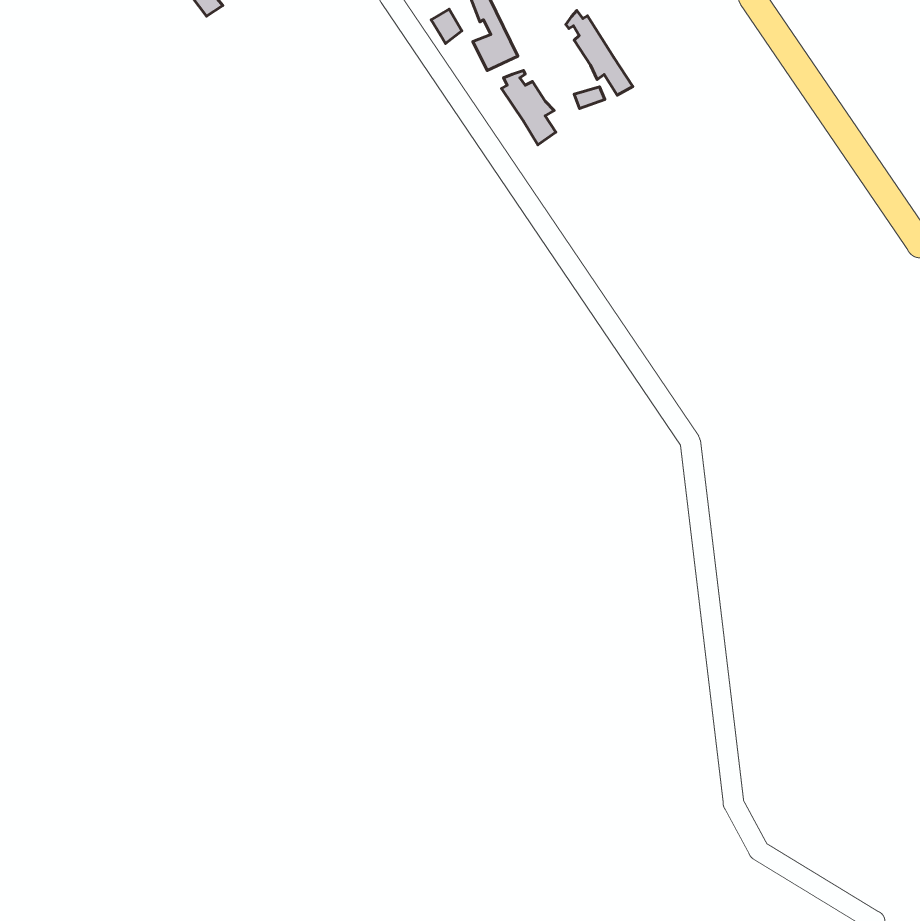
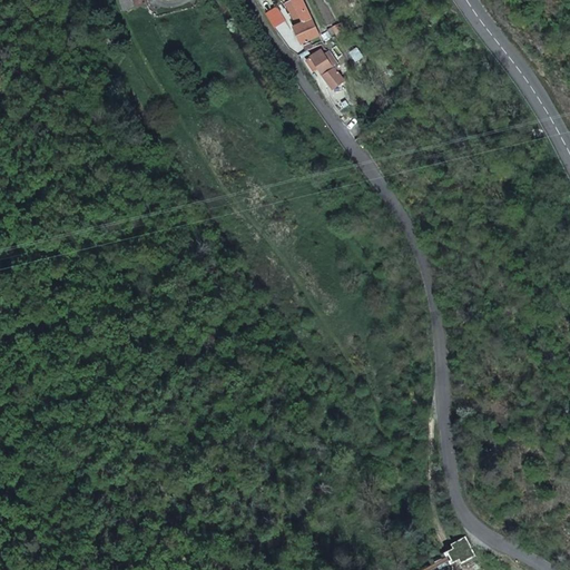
building: [566,10,633,95] -> none

